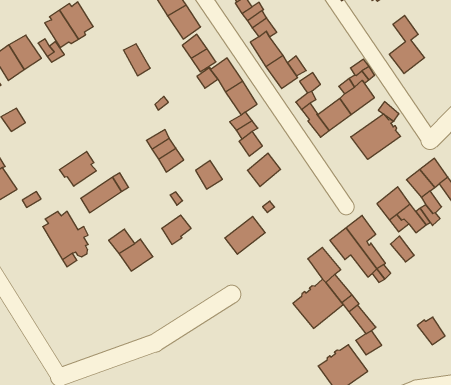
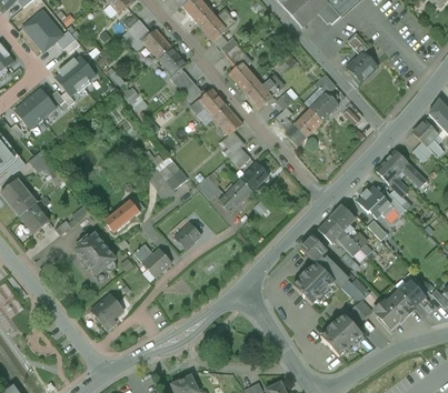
building: [351,114,401,159] -> none
building: [59,151,96,186] -> none
building: [225,216,265,254] -> [219,180,252,213]
building: none -> [90,294,121,329]
building: none -> [374,292,414,329]

